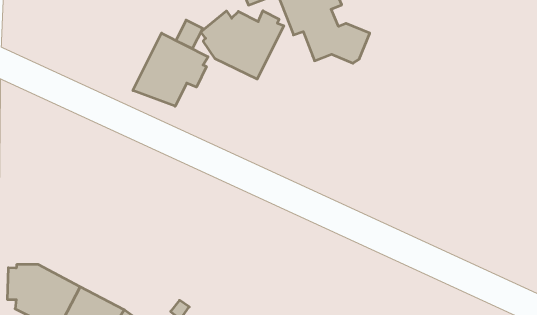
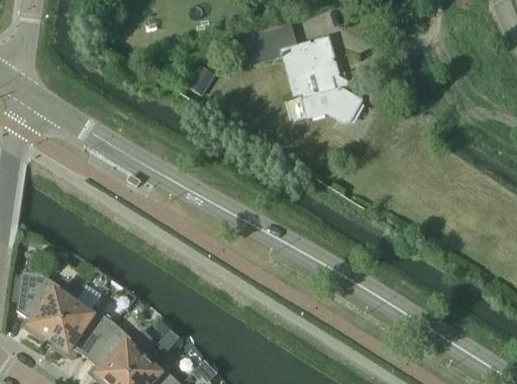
building: [201,11,284,79] -> none
building: [133,33,208,106] -> none

